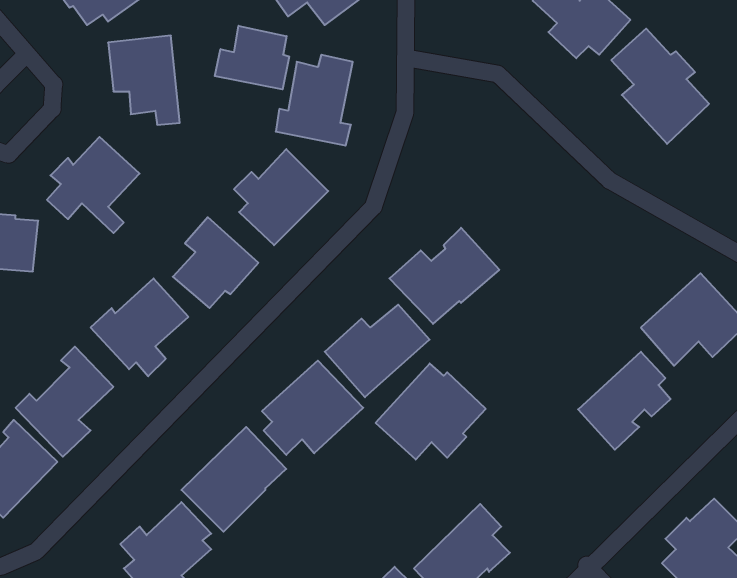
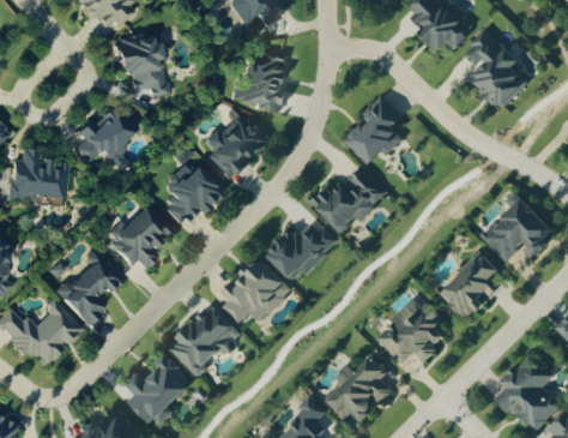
building: [215,26,289,89] -> none
building: none -> [344,95,403,164]
building: [376,363,486,460] -> [375,299,451,365]

